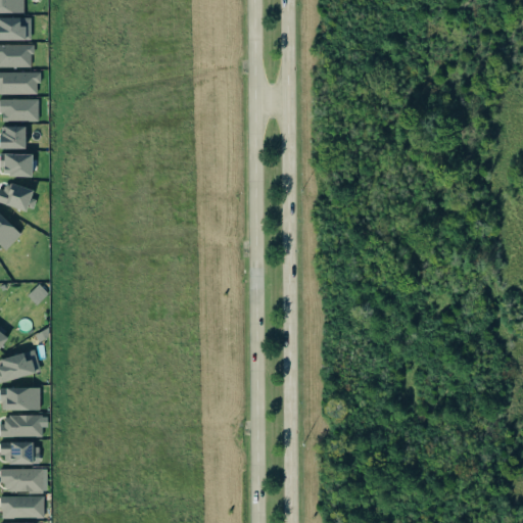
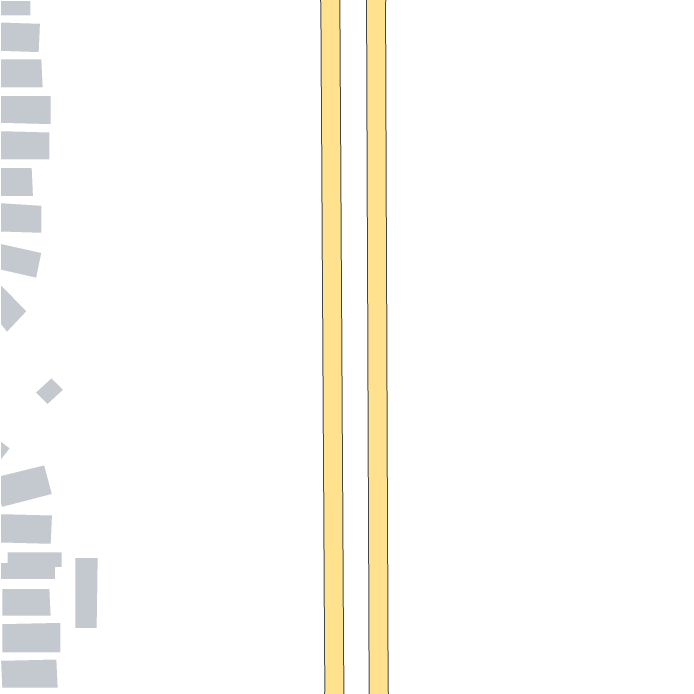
building: none -> [75,557,98,629]

